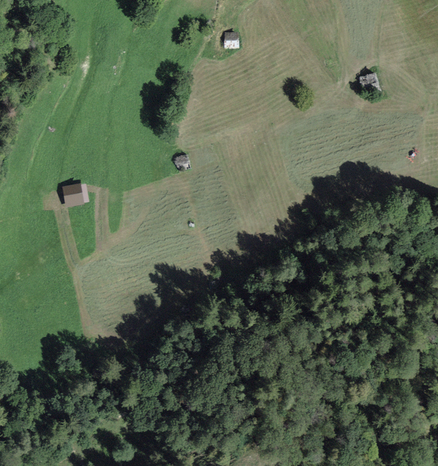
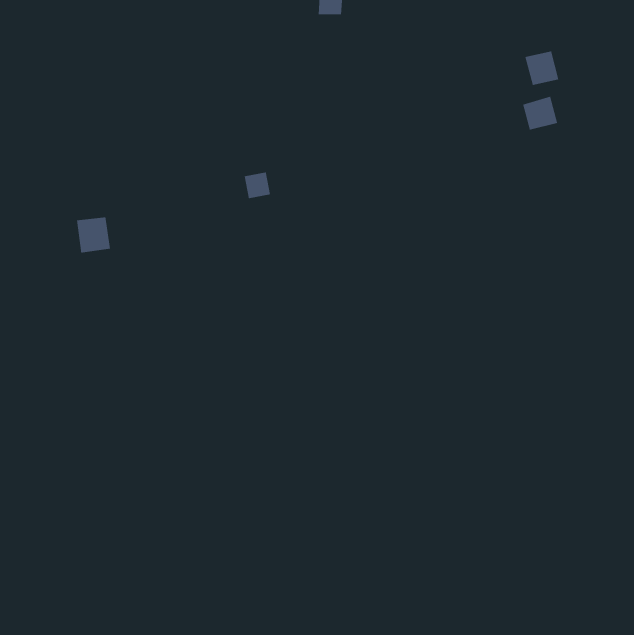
building: none -> [523,96,558,131]

